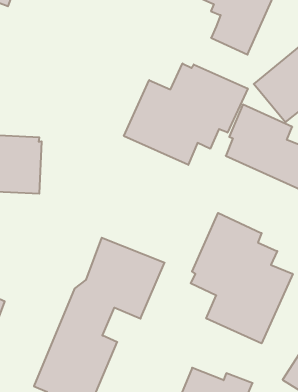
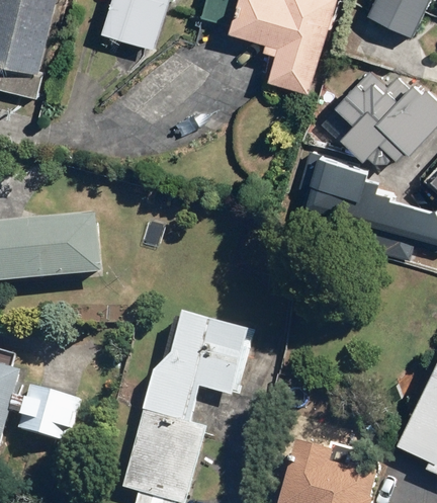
building: [124,63,248,165] -> none
building: [191,213,293,343] -> none

